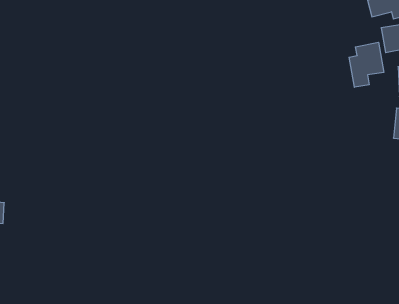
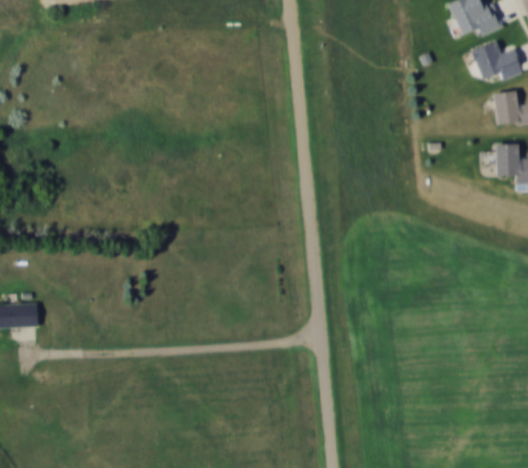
building: [349,42,384,87] -> none

